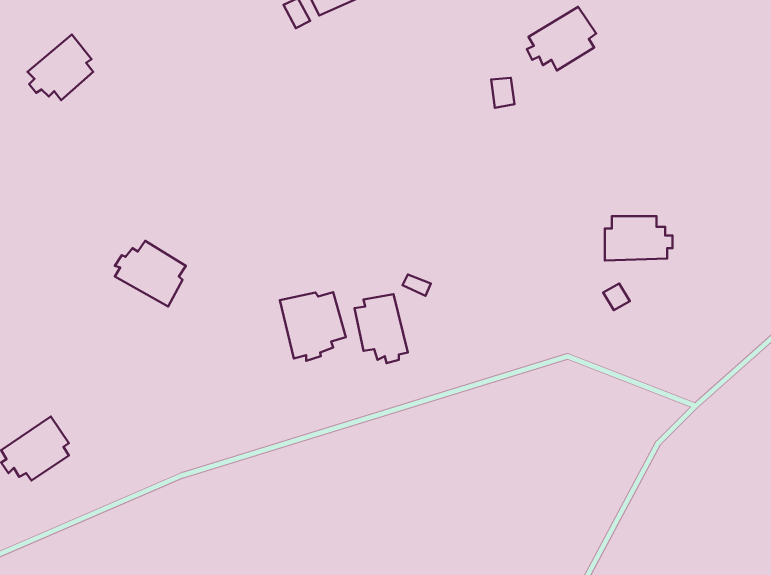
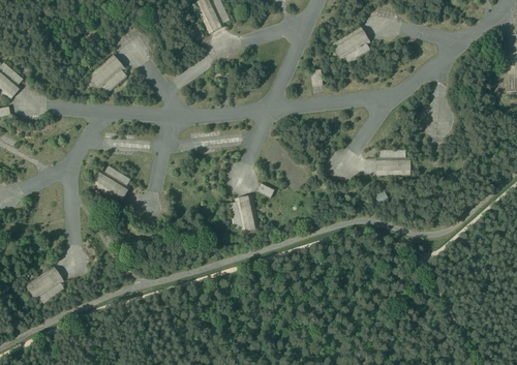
building: [27,34,93,100] -> [87,55,125,93]
building: [280,292,346,361] -> none

